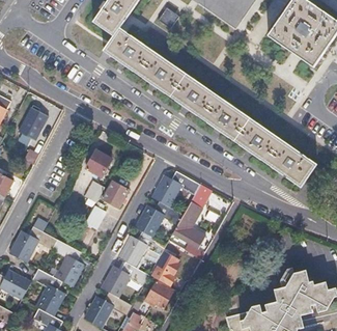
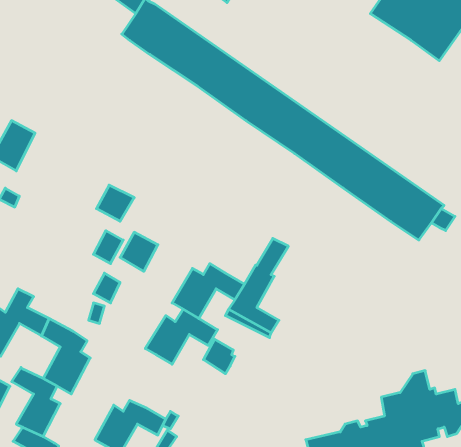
building: [153,169,201,206] -> none
building: [102,260,148,296] -> none
building: [143,279,171,305] -> none

